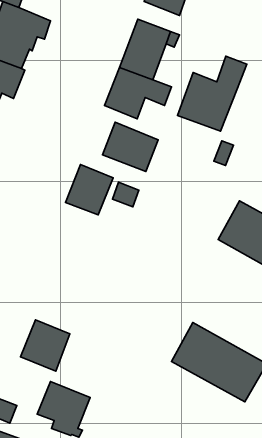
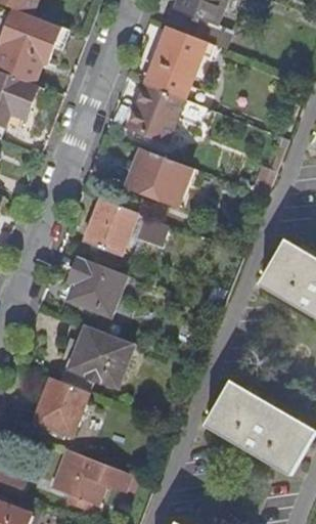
building: [178,56,247,131] -> none
building: none -> [66,255,126,315]
building: none -> [63,324,131,385]

